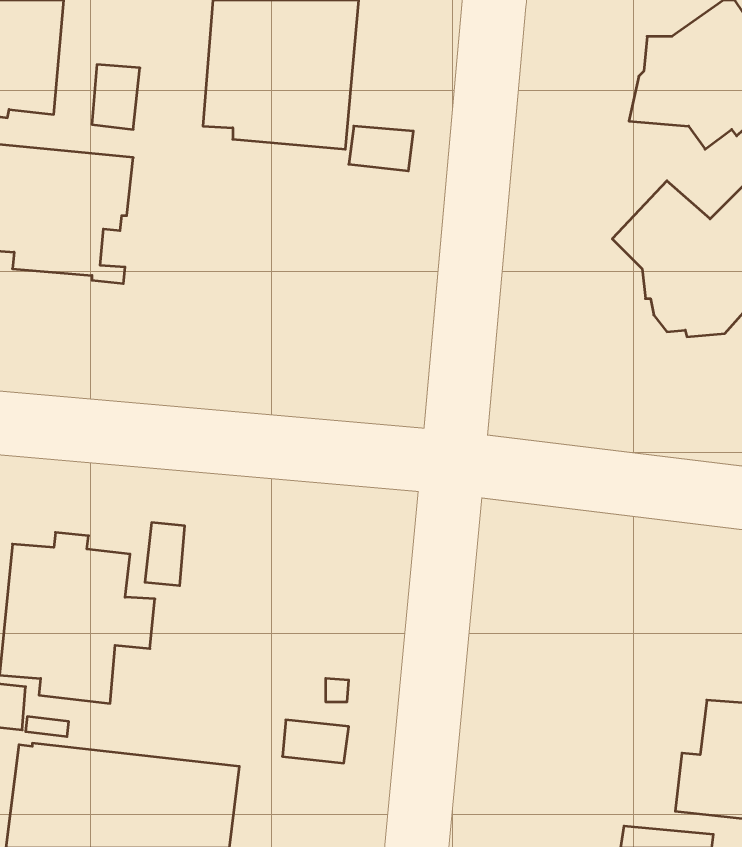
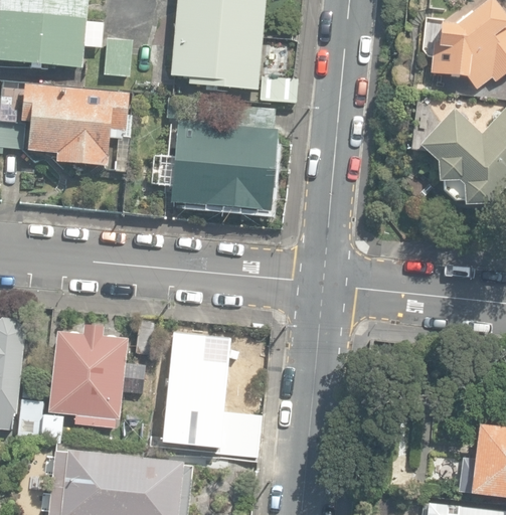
building: none -> [171,106,278,211]
building: none -> [159,339,250,435]

